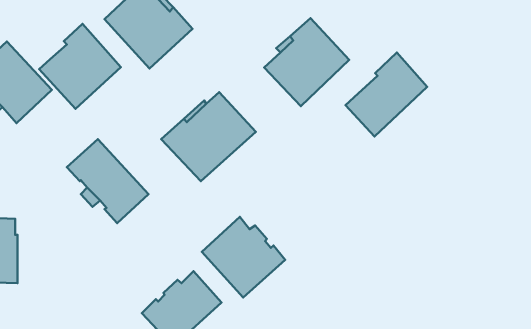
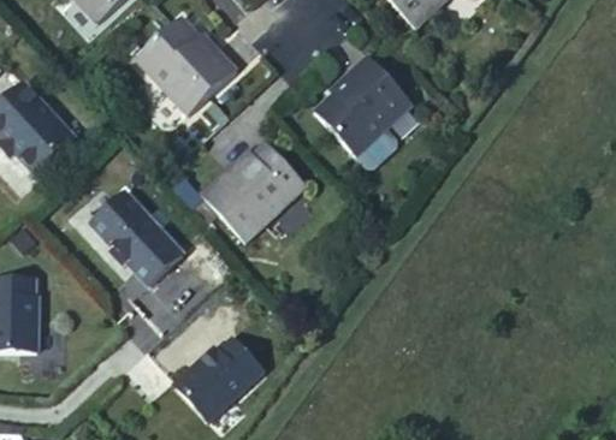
building: [39,24,121,109] -> none
building: [346,53,427,137] -> none
building: [202,217,285,297] -> none

